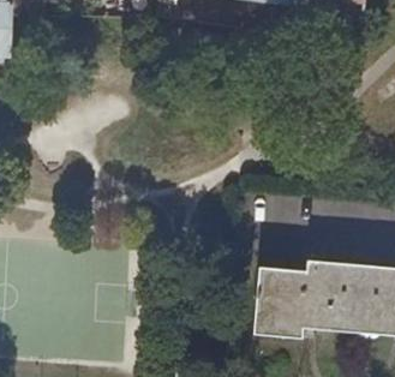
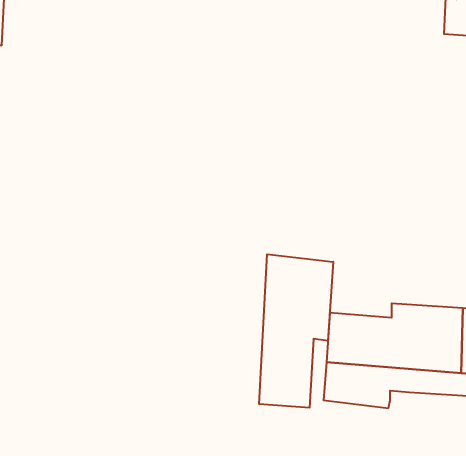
building: none -> [259,254,333,408]

